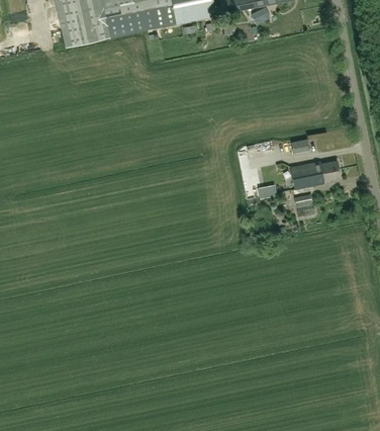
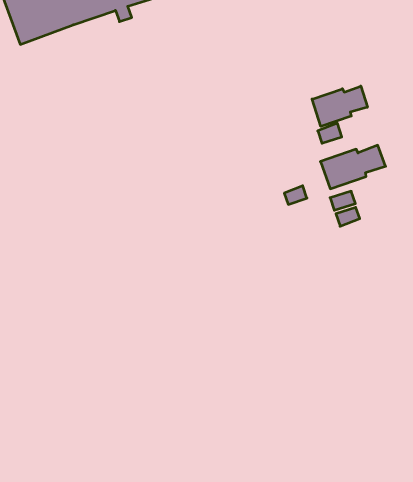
building: none -> [312,86,367,126]

